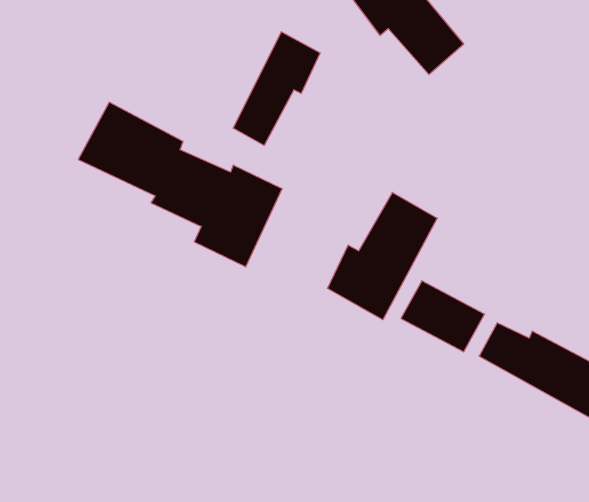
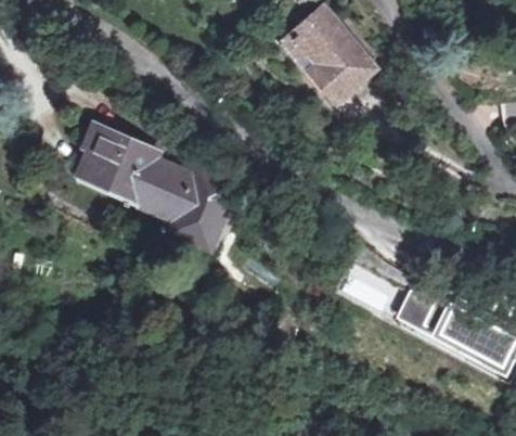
building: [233,32,320,145] -> none
building: [327,192,437,320] -> none

